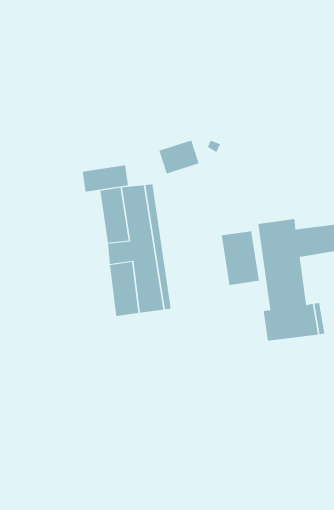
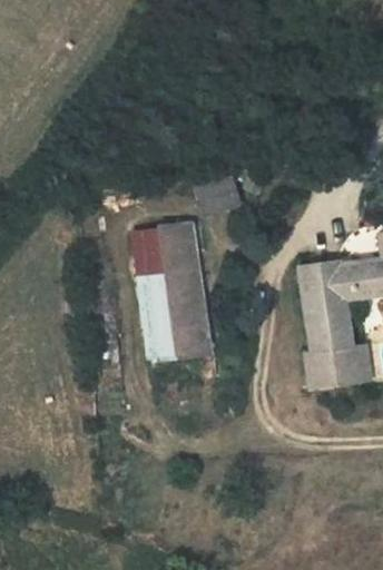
building: [82,165,129,193] -> none
building: [221,230,259,286] -> none

